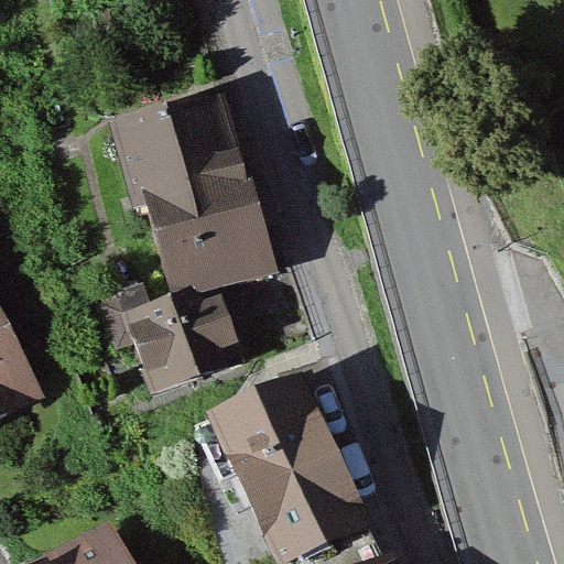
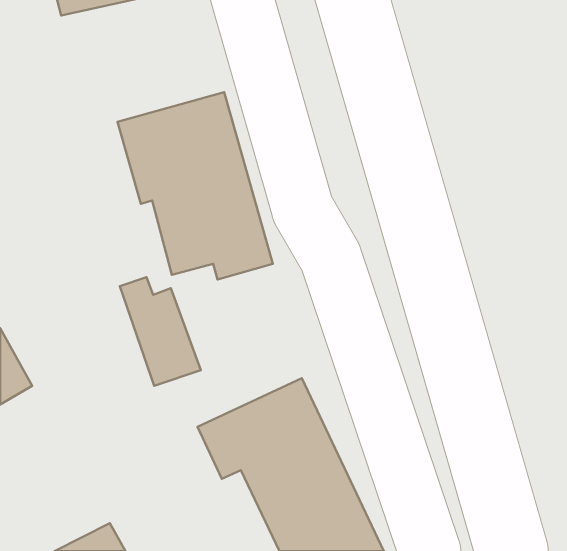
building: [170,262,242,368] -> none

